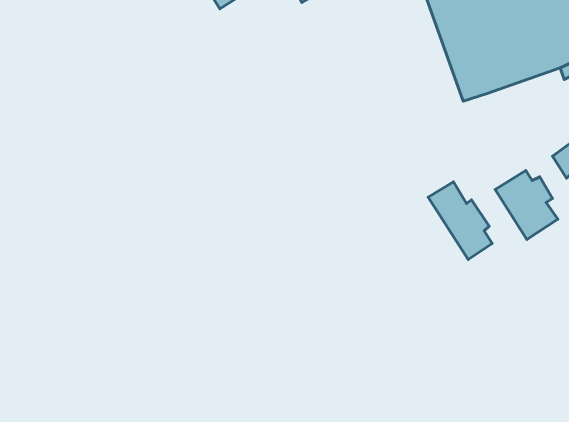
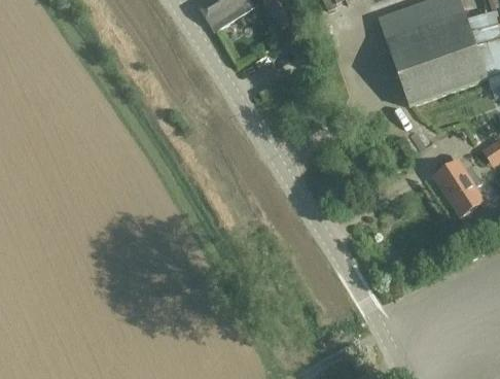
building: [428,182,492,260] -> none

